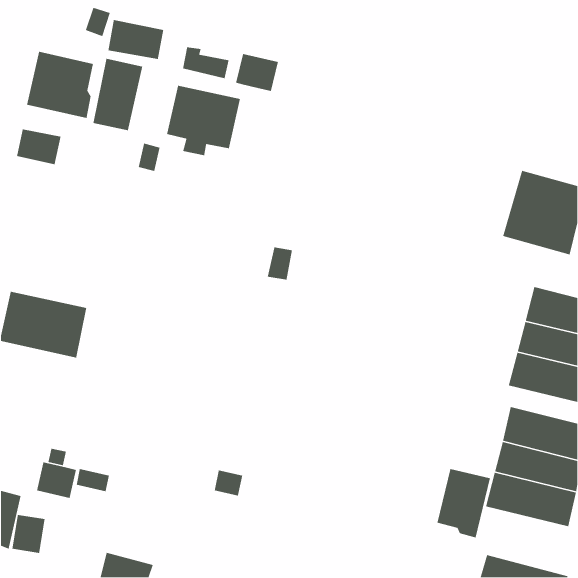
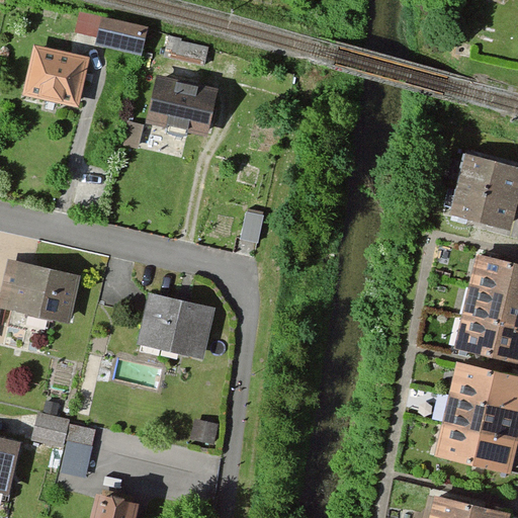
building: [235,53,279,92] -> none
building: [93,58,143,131] -> none
building: [16,129,61,165] -> none
building: none -> [140,295,213,356]
building: [436,468,491,538] -> none
building: [12,514,45,554] -> [63,437,93,472]

